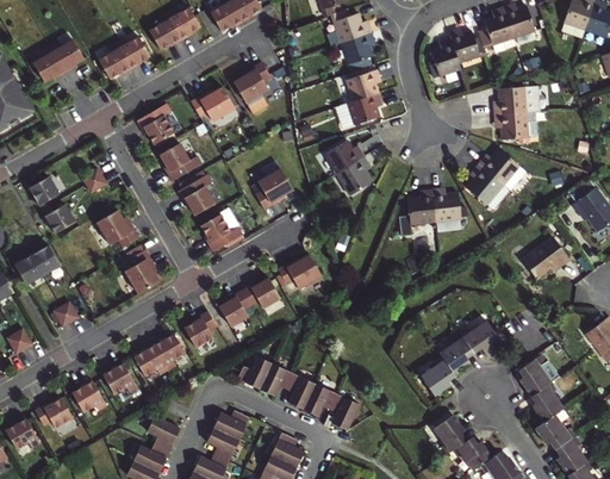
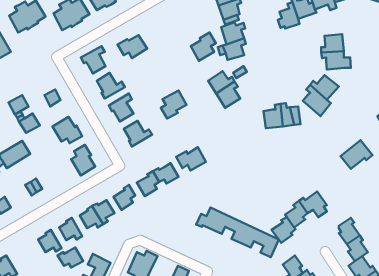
building: [234,63,270,105] -> [191,33,216,61]
building: [236,355,359,429] -> [196,207,279,257]
building: [36,398,74,428] -> [58,247,83,268]

